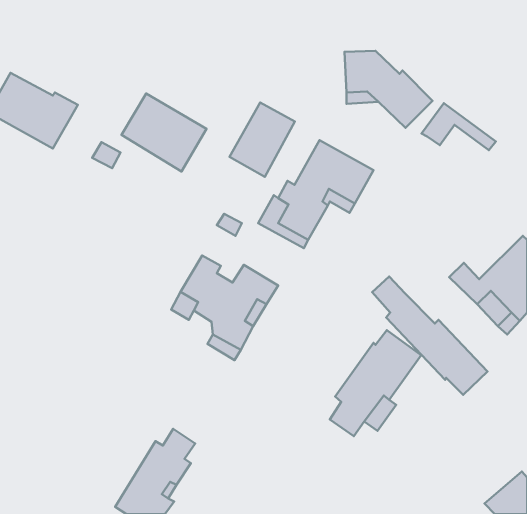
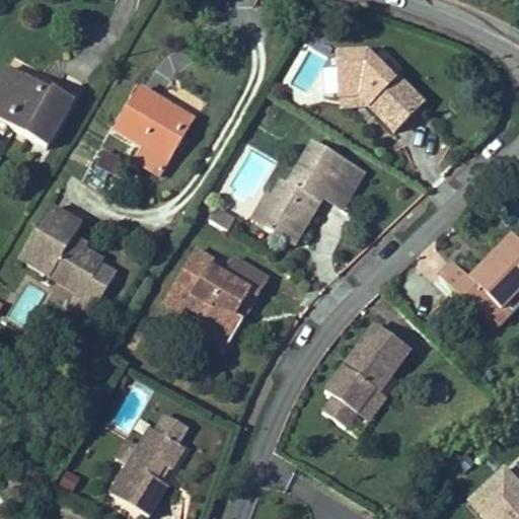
building: [230,102,295,177] -> none
building: [422,103,496,150] -> none
building: none -> [24,207,107,296]
building: [372,277,488,395] -> none

